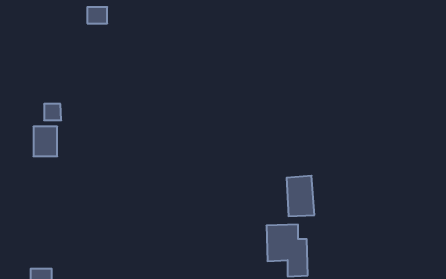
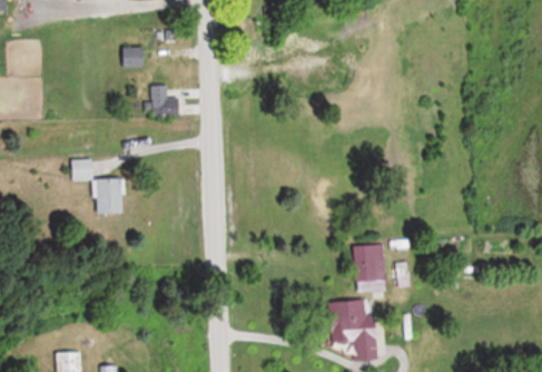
building: none -> [150,84,180,116]
building: [33,127,57,156] -> [95,177,122,212]

